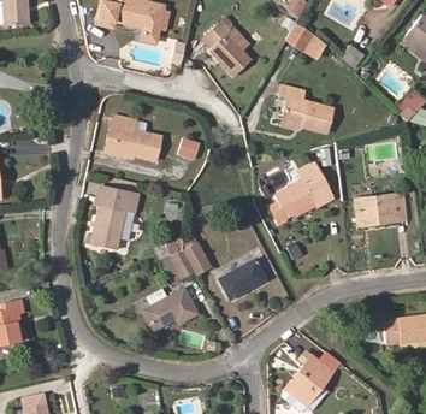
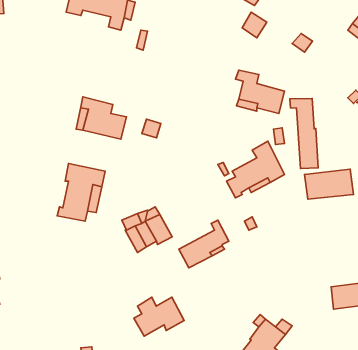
building: [203,17,252,76] -> none
building: none -> [290,99,318,169]
building: [143,288,197,330] -> [134,297,184,336]

